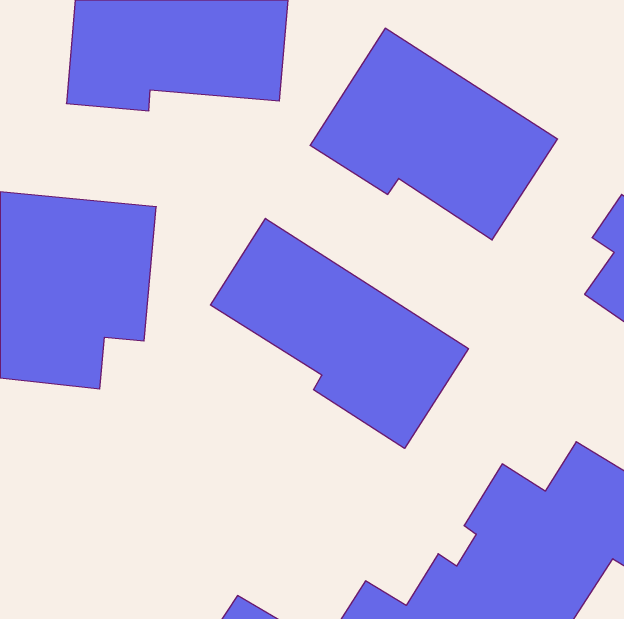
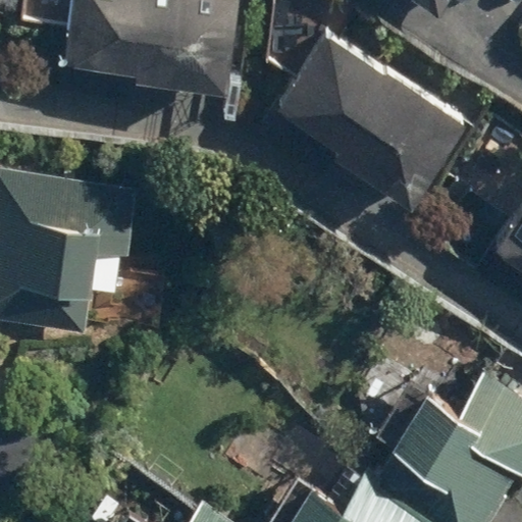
building: [210,218,468,448] -> none

